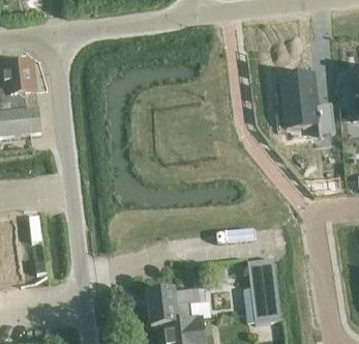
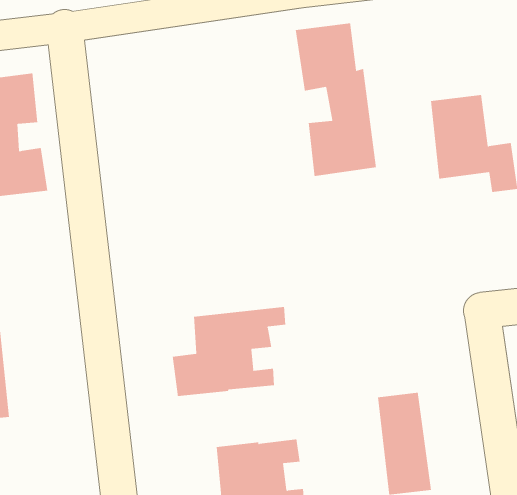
building: none -> [295,22,377,177]
building: none -> [172,306,286,397]

